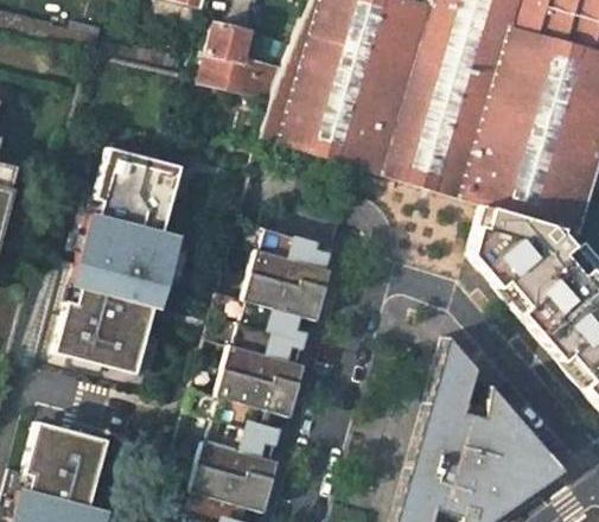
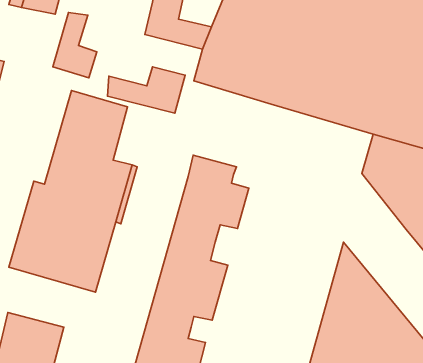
building: none -> [53,12,97,78]
building: none -> [108,67,185,113]

